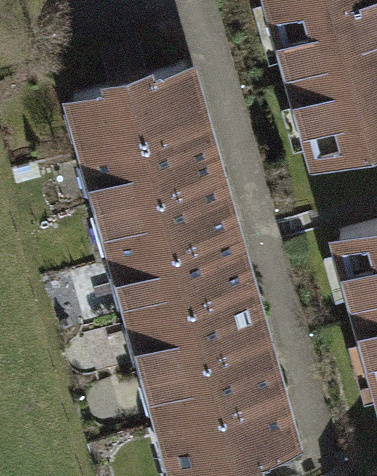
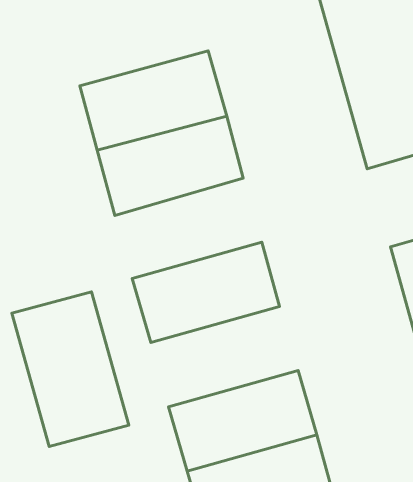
building: [105,183,231,269] -> none
building: none -> [12,292,129,446]
building: [136,293,262,379] -> none

